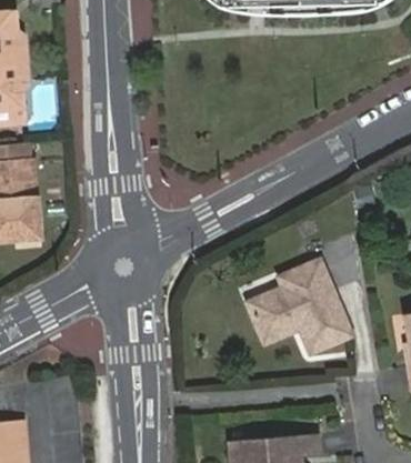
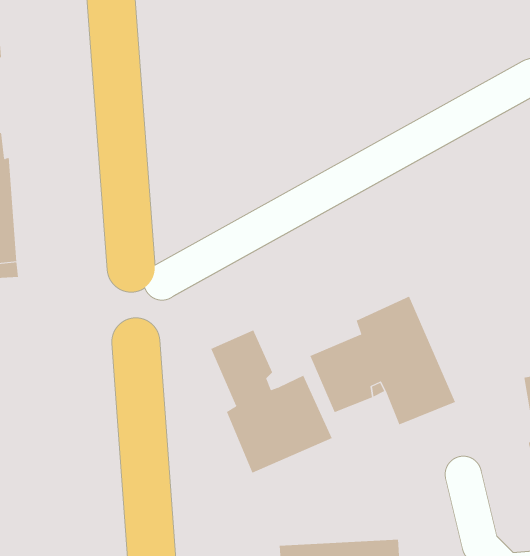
building: none -> [210,330,332,473]

